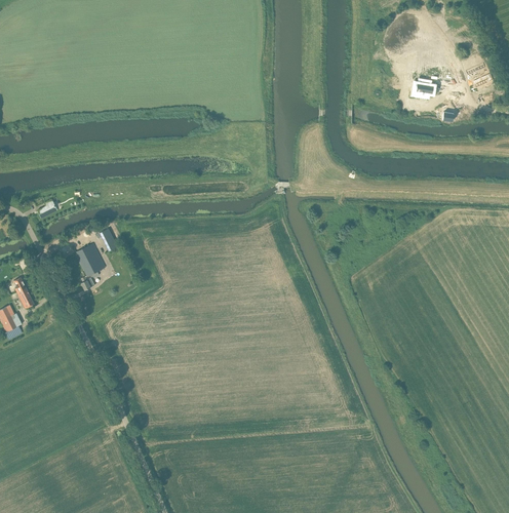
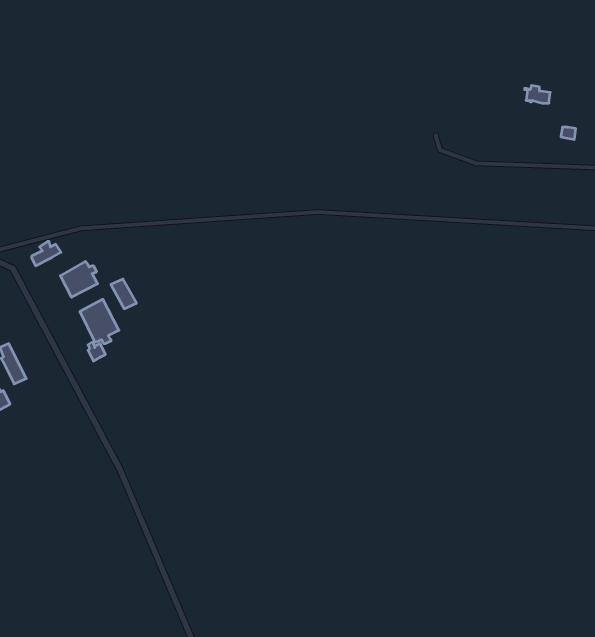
building: none -> [60,261,98,297]

